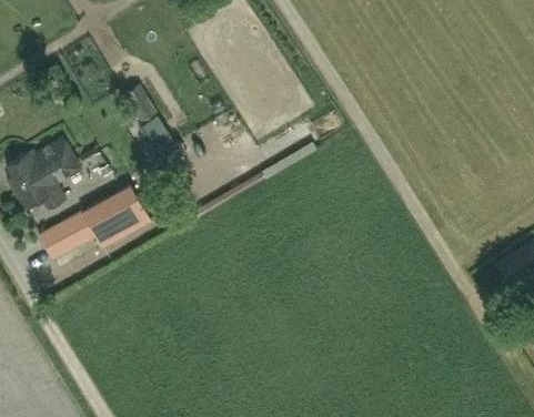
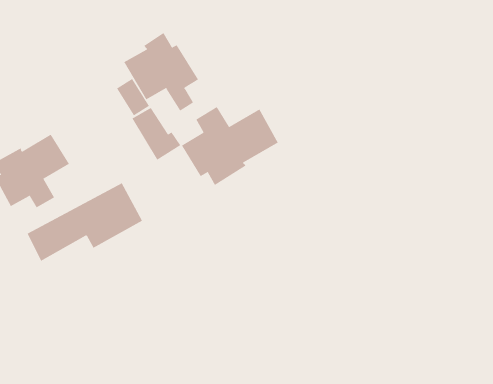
building: none -> [124,32,199,111]
building: none -> [181,106,279,186]

